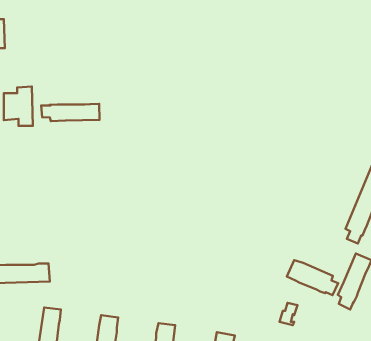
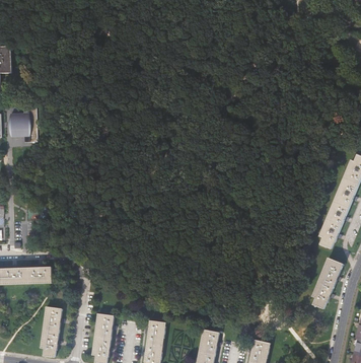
building: [41,104,100,121] -> none
building: [287,260,338,295] -> none

